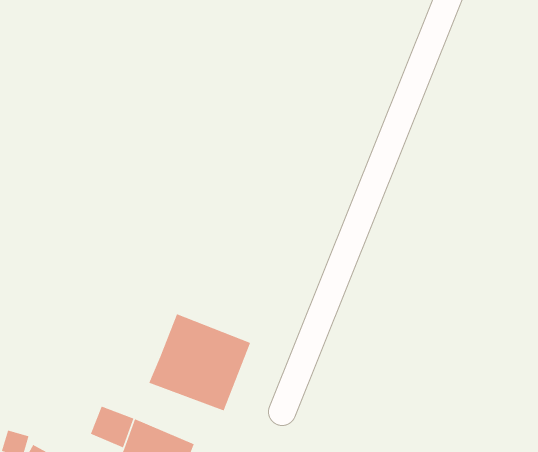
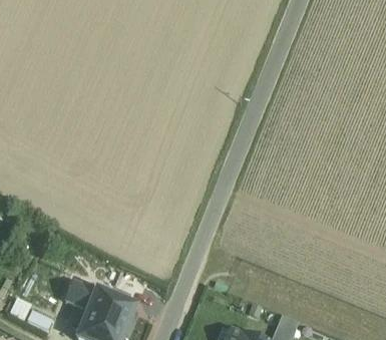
building: [148,313,251,412] -> none

